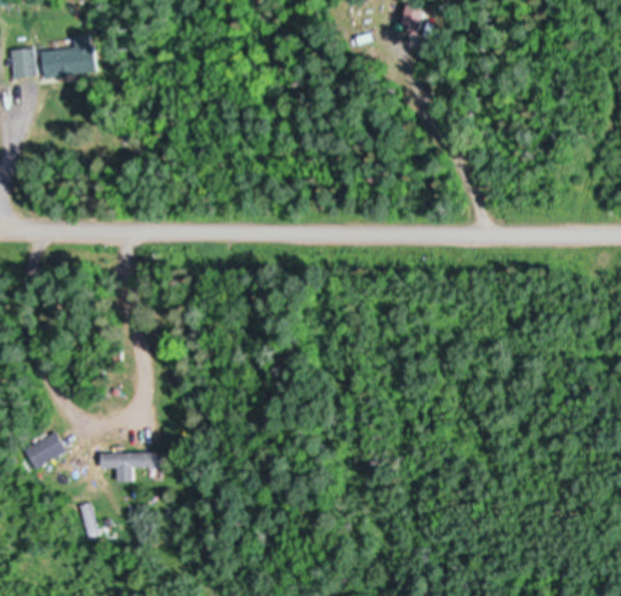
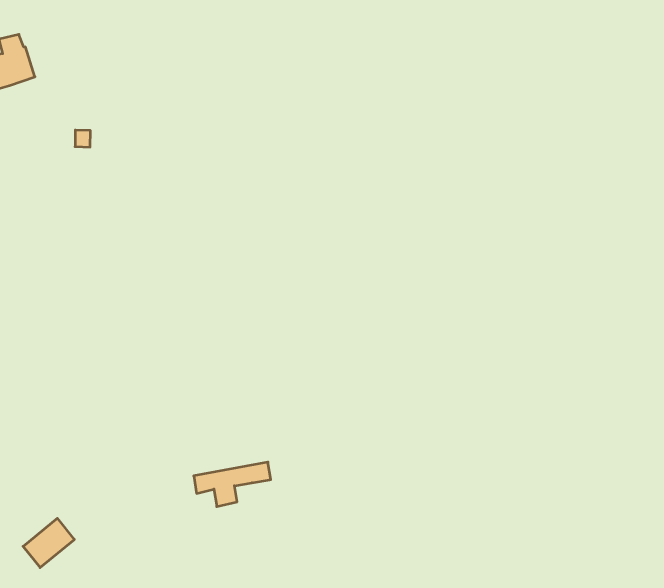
building: [99,450,161,479] -> [194,462,271,507]

